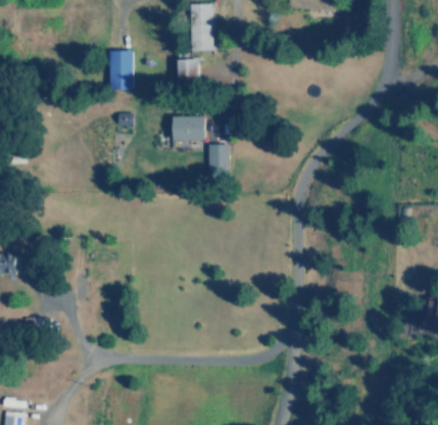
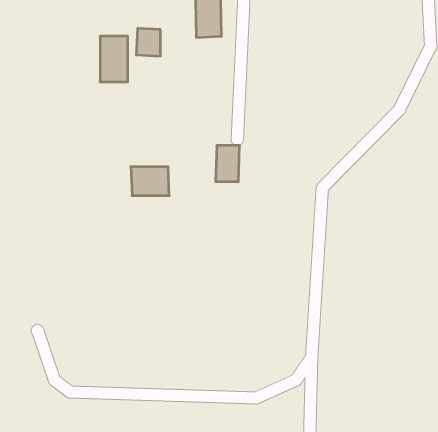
building: [180,58,200,82] -> [136,28,160,56]
building: [174,115,206,140] -> [131,167,169,196]

